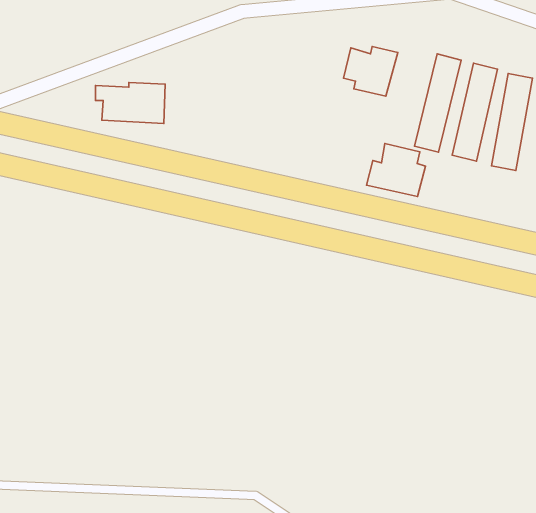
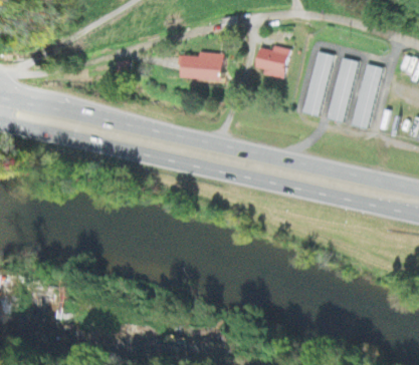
building: [96,83,165,123] -> [176,53,222,80]
building: [366,143,426,197] -> none

